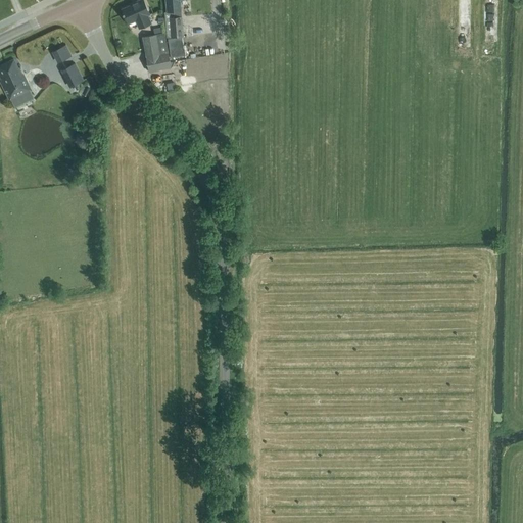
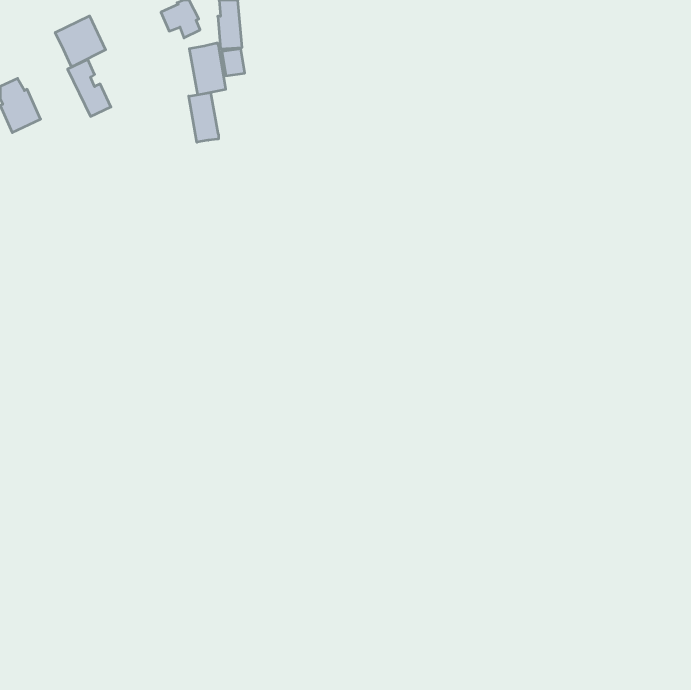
building: none -> [55,16,106,66]
building: none -> [189,93,219,142]

